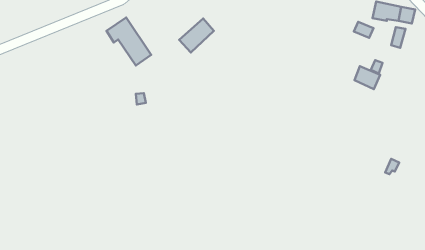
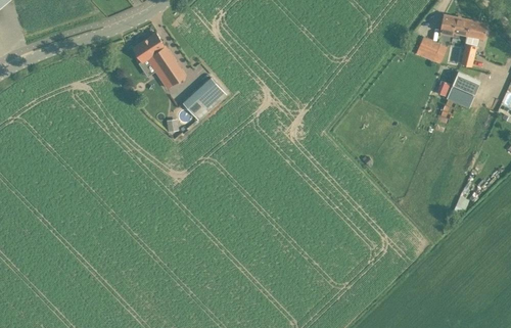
building: [179,19,214,52] -> [182,78,222,116]
building: [354,66,380,89] -> [450,72,479,98]

